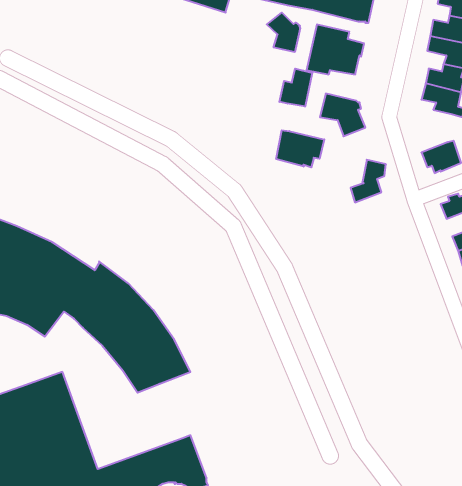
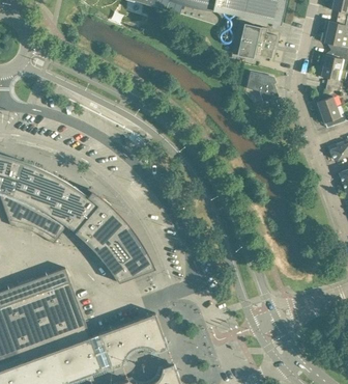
building: [267,13,300,52] -> none
building: [279,69,312,107] -> none
building: [276,130,324,167] -> none
building: [351,160,386,202] -> [315,84,340,114]

